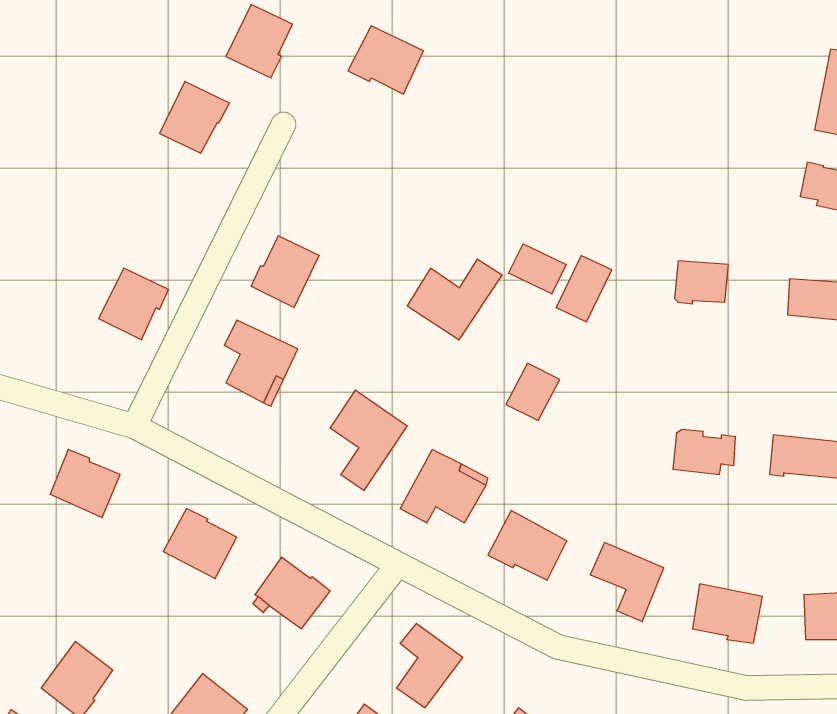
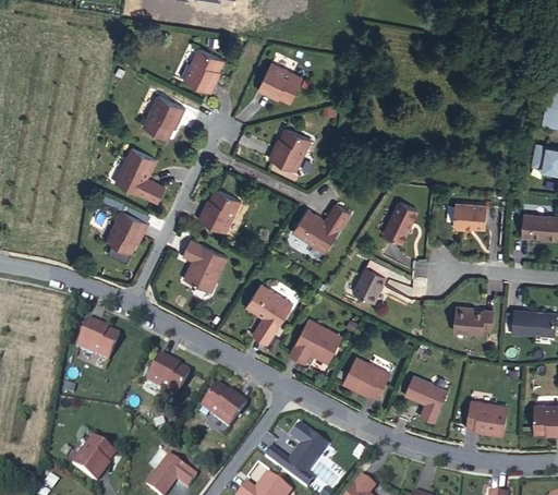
building: none -> [269,128,312,171]
building: none -> [116,147,166,202]
building: [509,244,566,294] -> none

